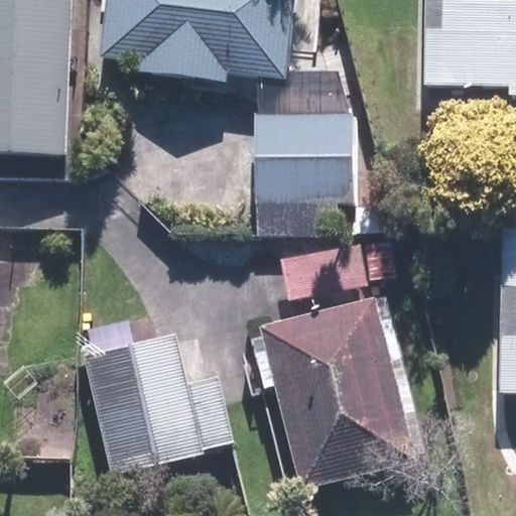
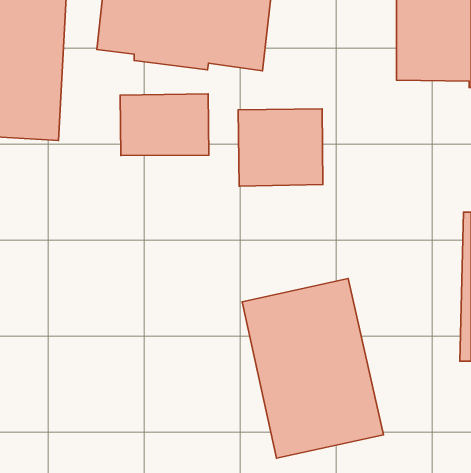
building: none -> [120,94,209,156]
building: [87,337,231,472] -> none

